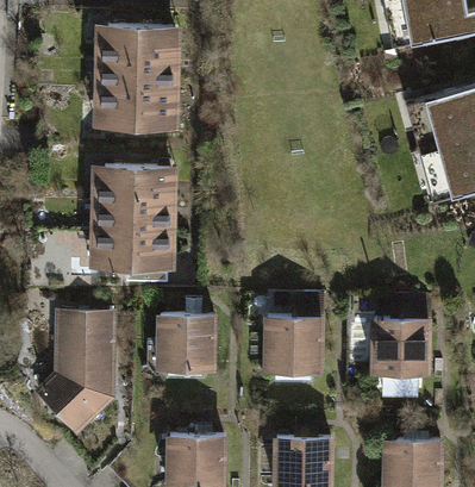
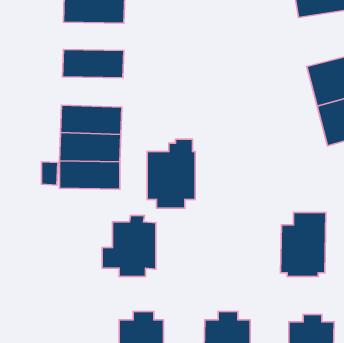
building: [99,58,175,94] -> none
building: [263,296,324,383] -> [147,139,195,208]
building: [26,310,115,439] -> none

